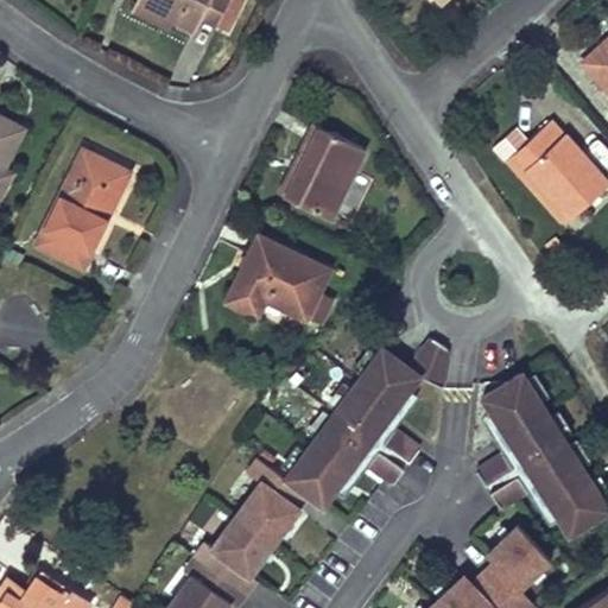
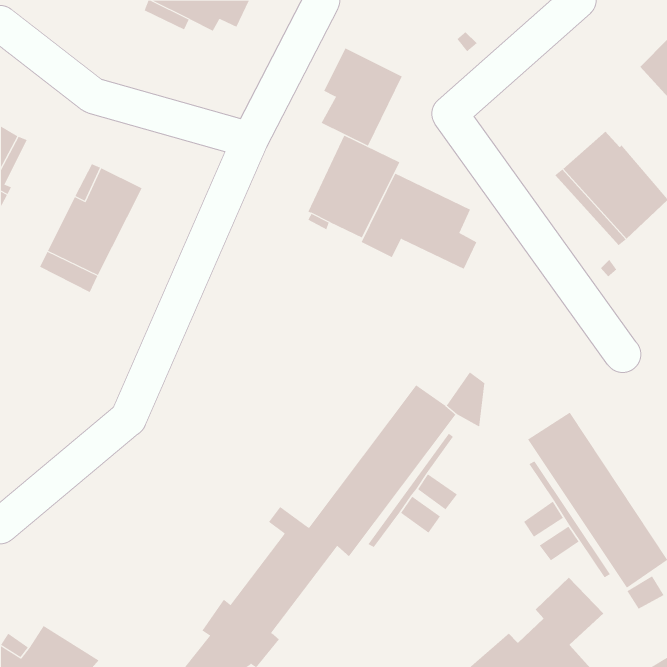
building: none -> [321,47,402,147]
building: [228,236,334,324] -> [361,173,477,270]

